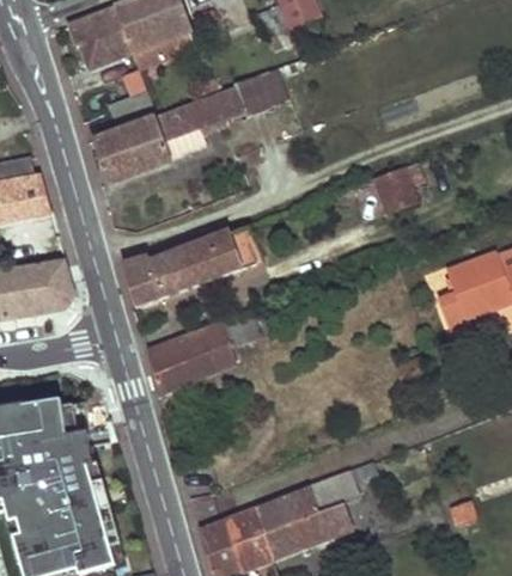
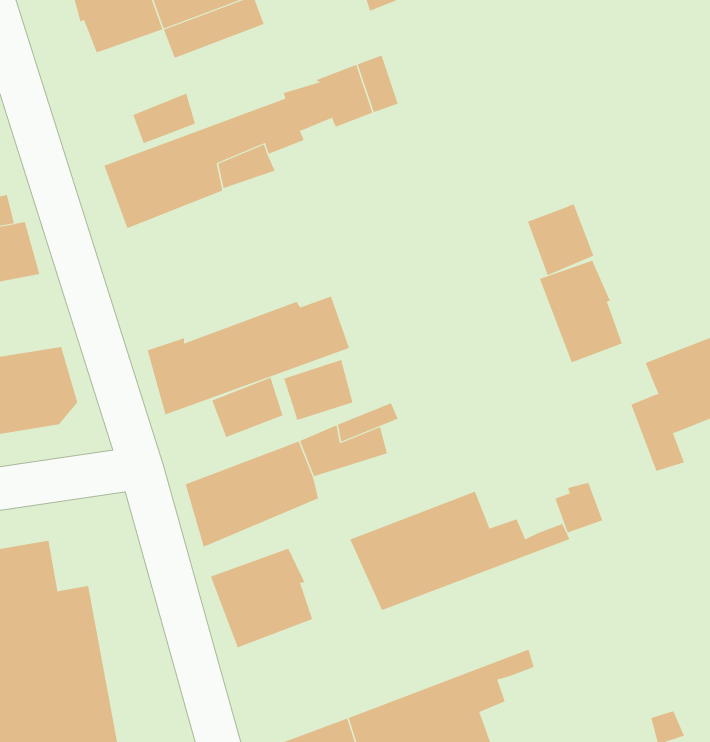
building: none -> [539,260,623,363]
building: none -> [284,359,353,421]
building: none -> [212,377,283,438]
building: none -> [349,491,570,611]
building: none -> [210,548,313,648]

